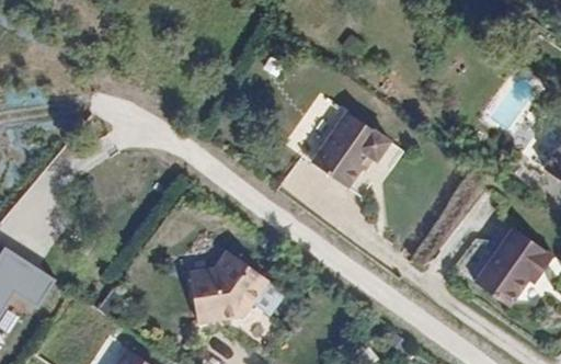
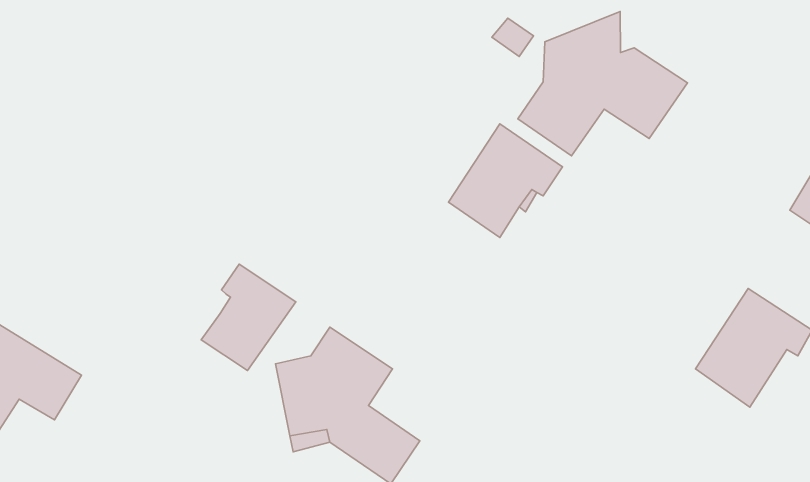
building: none -> [518,12,687,156]
building: none -> [201,264,296,371]

